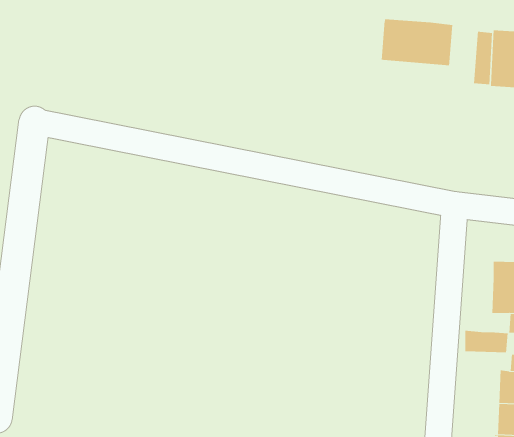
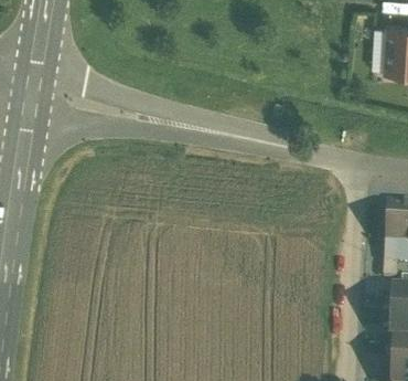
building: [381,18,453,66] -> none

